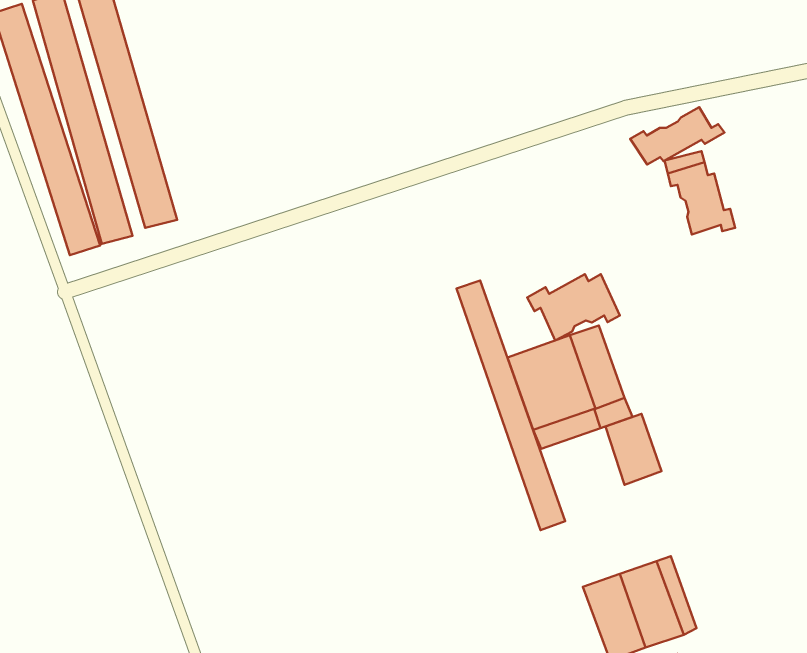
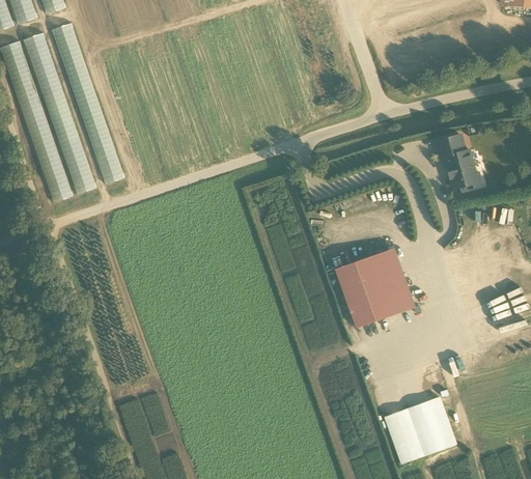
building: [630,107,725,165] -> none
building: [527,274,620,341] -> none
building: [456,281,565,530] -> none
building: [605,414,661,485] -> none

